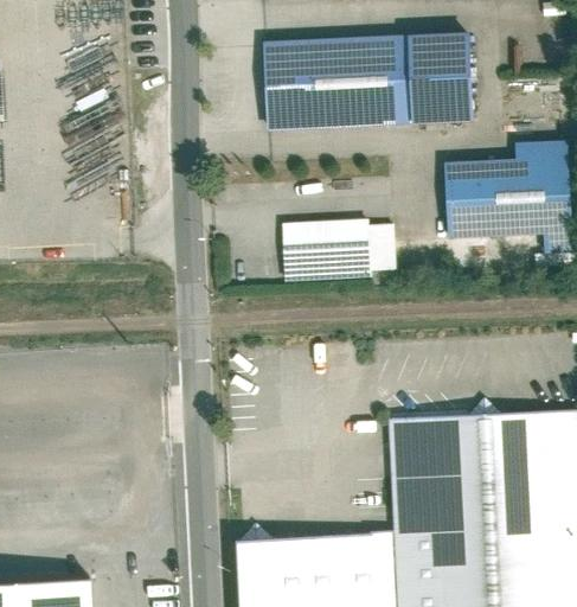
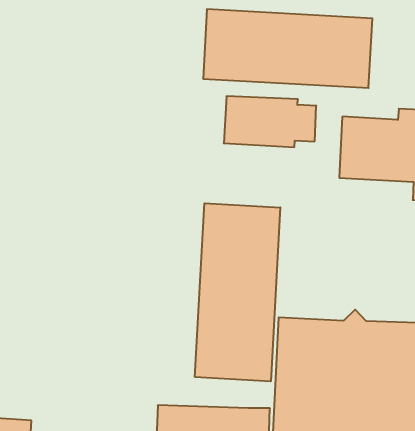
building: [281,218,397,282] -> [224,96,316,147]
building: none -> [195,203,280,381]

